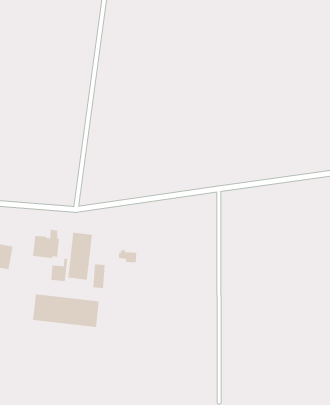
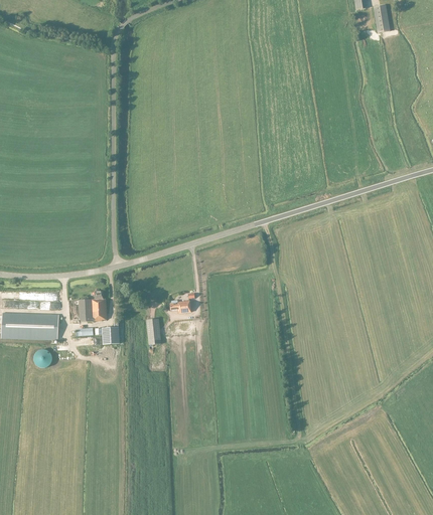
building: [68,232,92,280] -> none
building: [32,293,99,328] -> none

